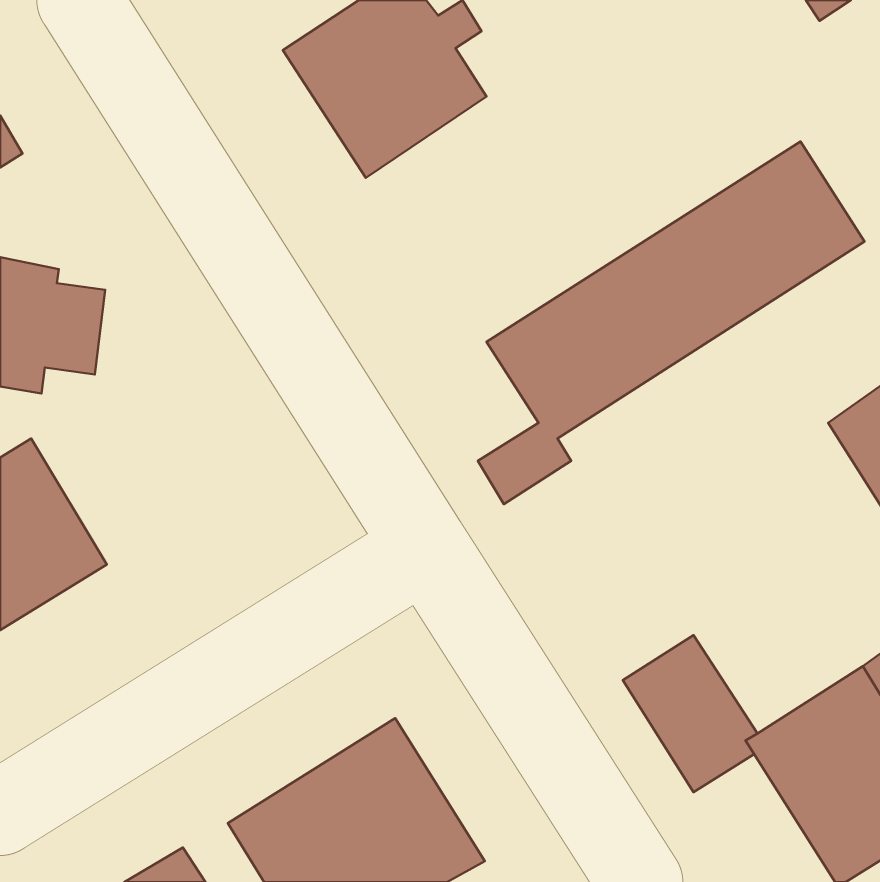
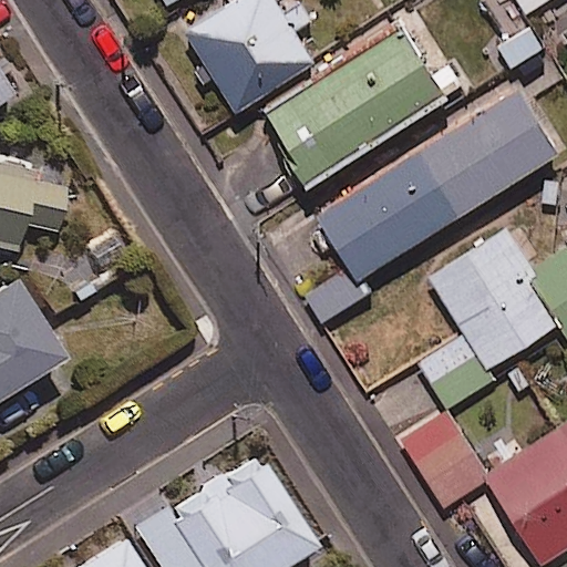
building: none -> [262,30,462,185]
building: none -> [422,230,558,408]

